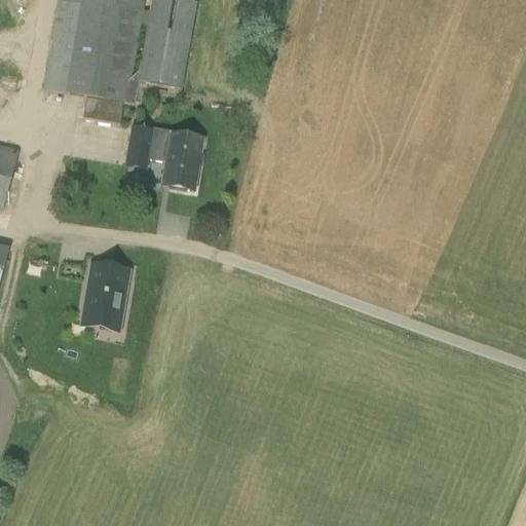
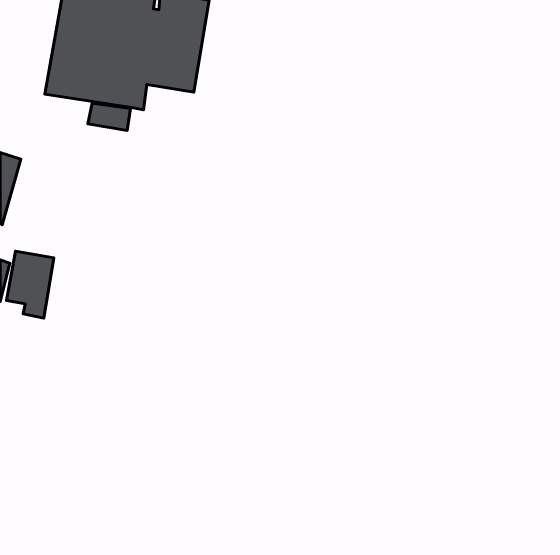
building: [128,125,202,189] -> none
building: [83,263,127,326] -> [7,251,54,318]

